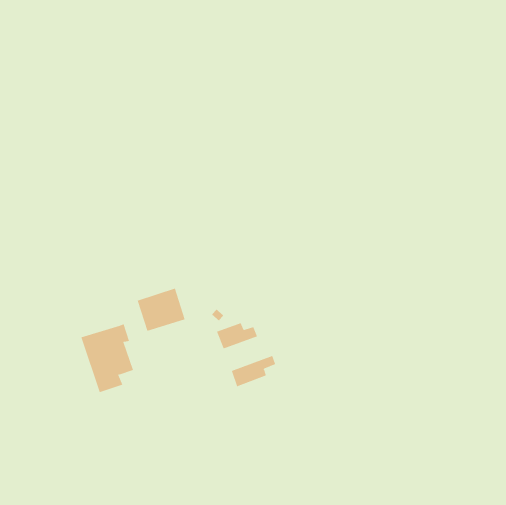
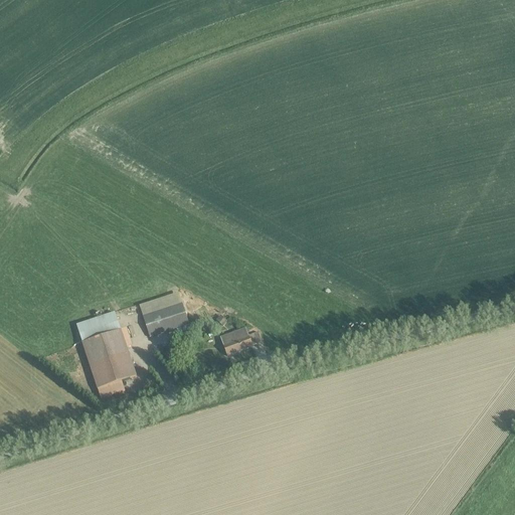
building: none -> [75,311,121,342]
building: [231,355,276,387] -> none

